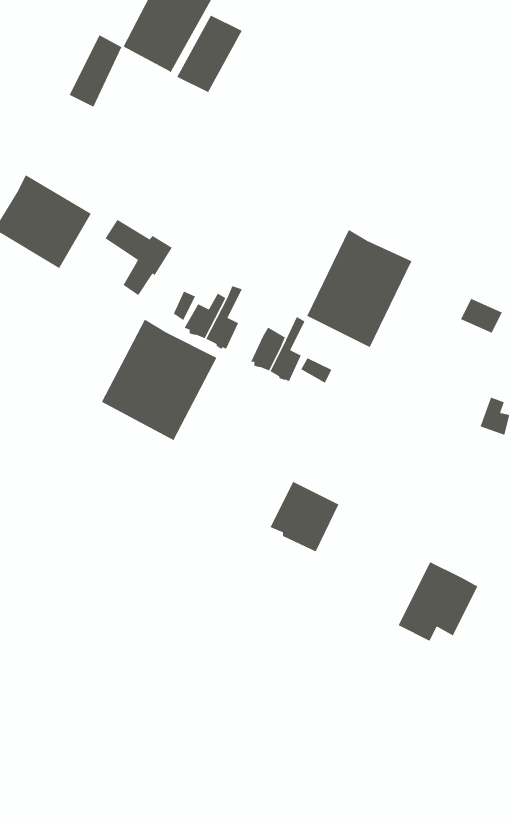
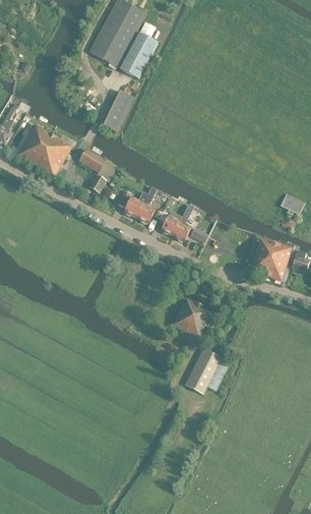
building: [69,34,122,108] -> [103,90,133,131]
building: [306,229,412,348] -> none
building: [101,319,218,441] -> none
building: none -> [251,239,291,280]
building: [398,561,478,642] -> [185,348,231,394]

